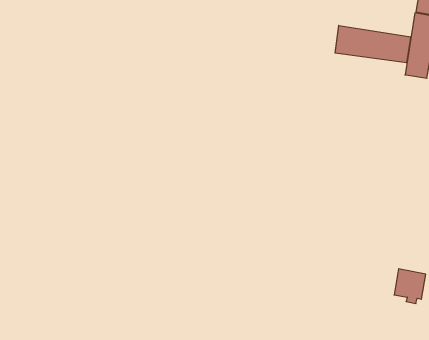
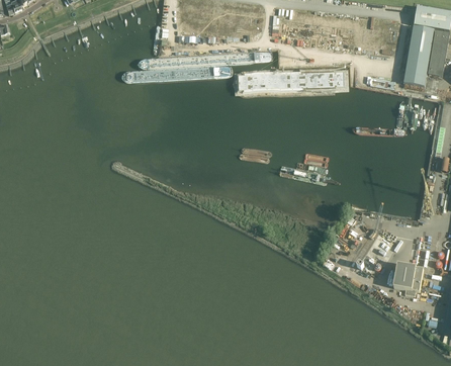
building: [335,25,411,63] -> none

